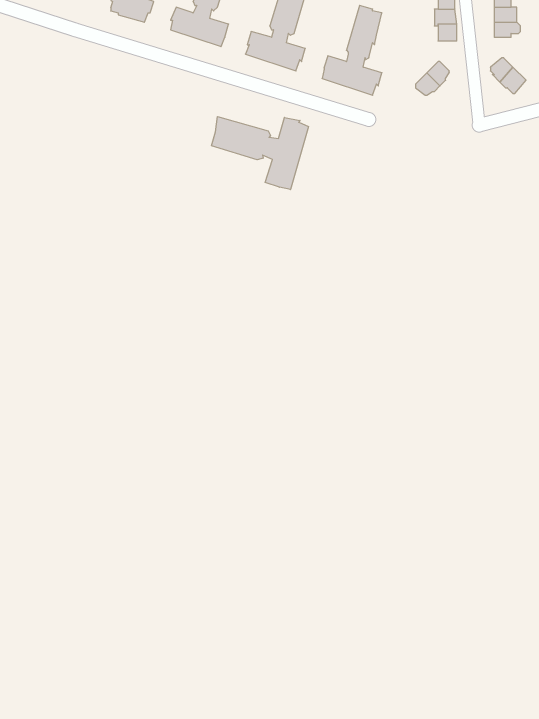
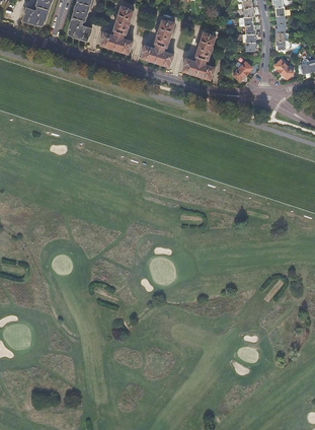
building: [211,117,308,190] -> none

